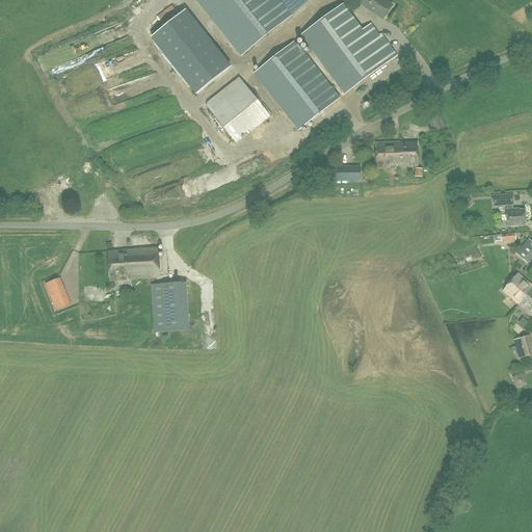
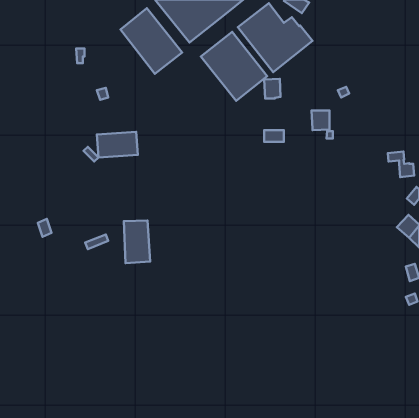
building: [207,74,271,138] -> none
building: [375,140,396,165] -> [264,79,281,98]
building: [108,246,160,278] -> [97,132,138,157]

